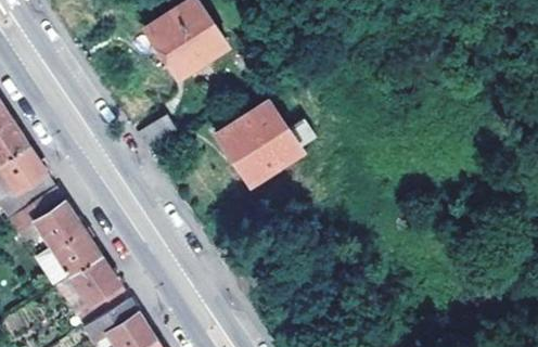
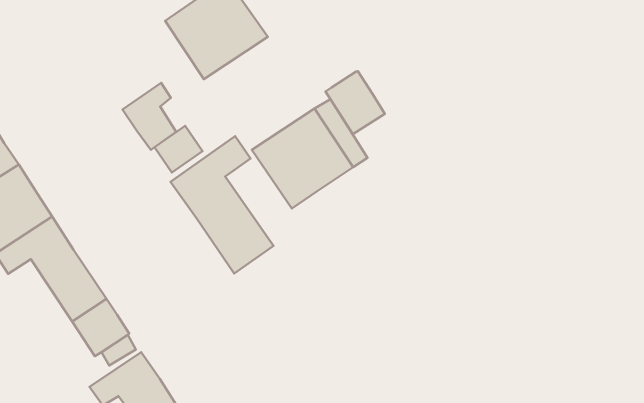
building: none -> [325,71,385,134]
building: none -> [123,83,176,150]
building: none -> [171,136,274,274]

